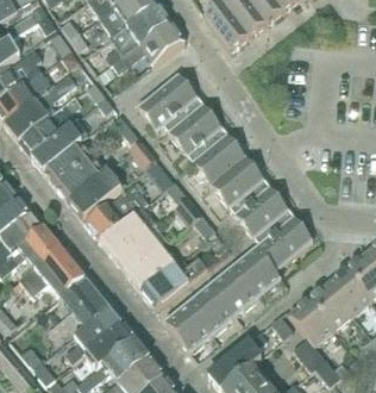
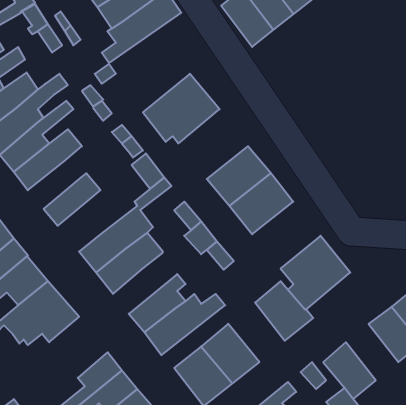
building: [113,23,186,73] -> none
building: [169,104,227,162] -> none
building: [43,133,98,187] -> none
building: [68,168,123,219] -> none
building: [231,181,288,237] -> none
building: [114,224,169,275] -> none
building: [211,266,258,316] -> none
building: [55,277,109,330] -> none
building: [309,283,353,331] -> none

